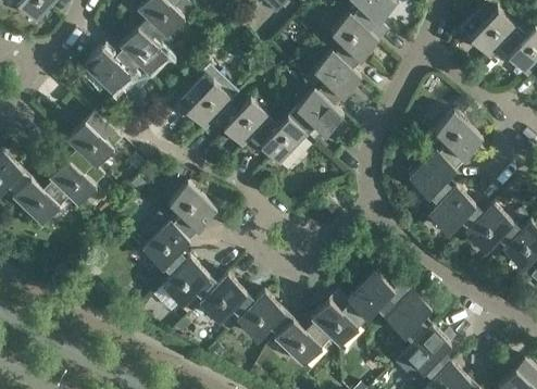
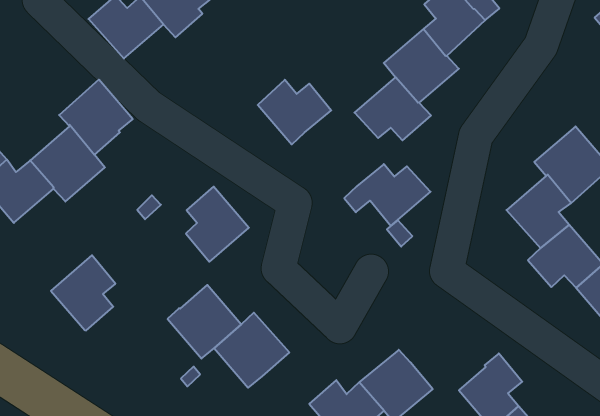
building: [176,81,233,129] -> none
building: [242,118,307,164] -> [344,164,431,226]
building: [141,221,189,277] -> [51,255,115,330]
building: [347,272,403,319] -> none
building: [237,293,292,339] -> none

